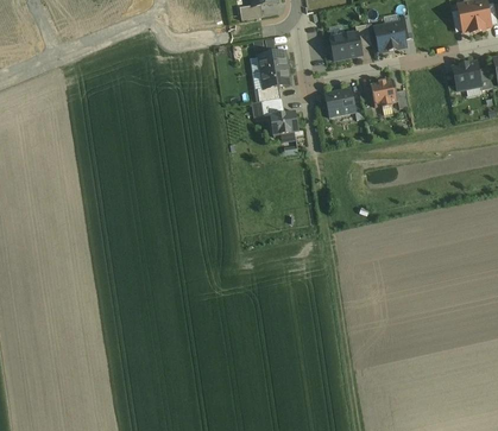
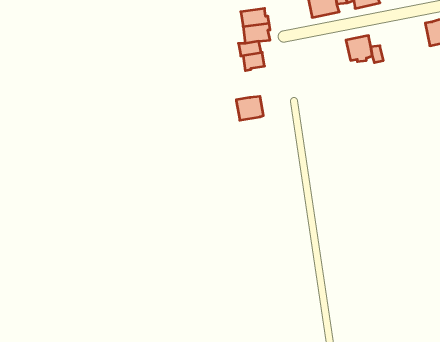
building: [323,88,354,116] -> none
building: [269,110,297,135] -> [236,96,263,120]

